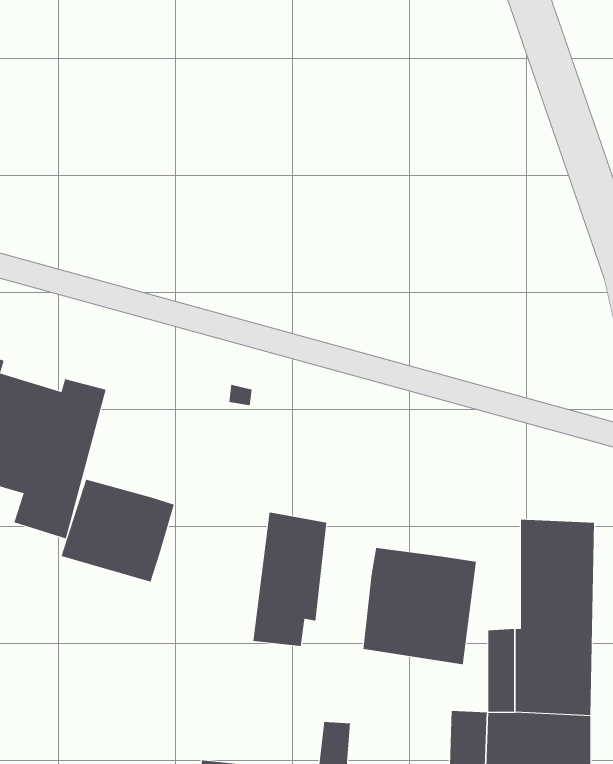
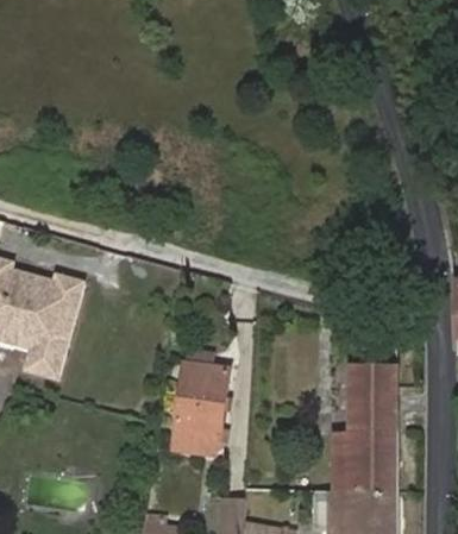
building: [61,479,174,583] -> none
building: [363,547,476,665] -> none

